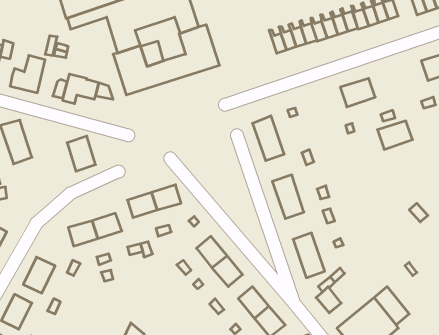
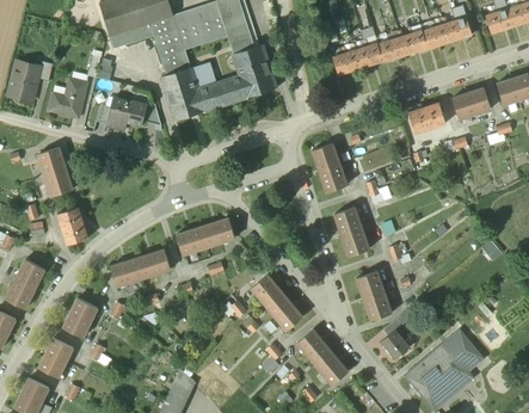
building: [377,121,413,149] -> [453,88,491,119]
building: [67,136,96,171] -> [57,207,88,245]

